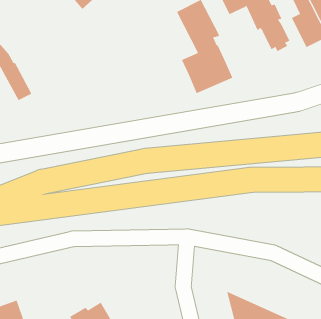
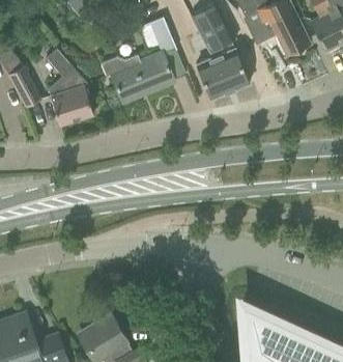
building: none -> [101,19,175,103]
building: none -> [45,49,92,126]

